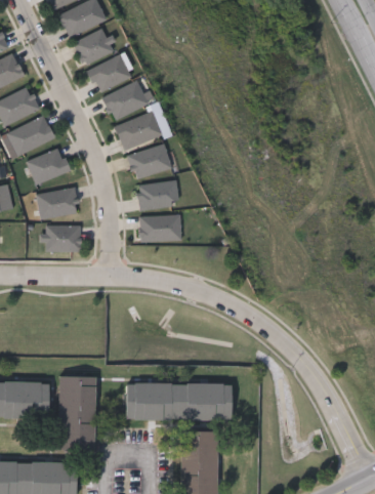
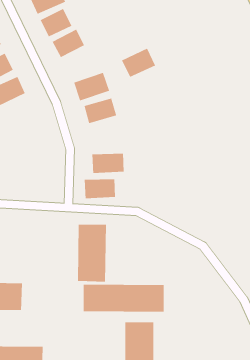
building: [102,81,148,120] -> [121,47,156,78]
building: [27,148,69,184] -> none
building: [137,182,178,209] -> [84,178,116,199]
building: [36,188,78,219] -> none
building: [44,225,80,251] -> none
building: [58,375,96,450] -> [77,224,107,282]

